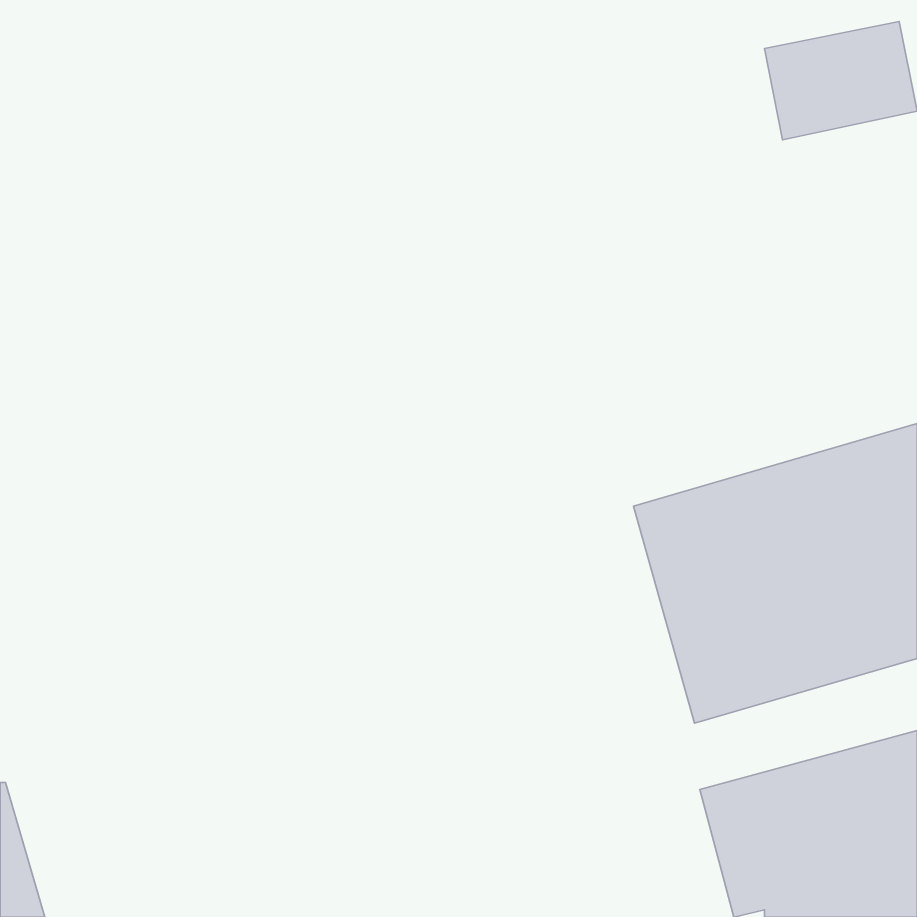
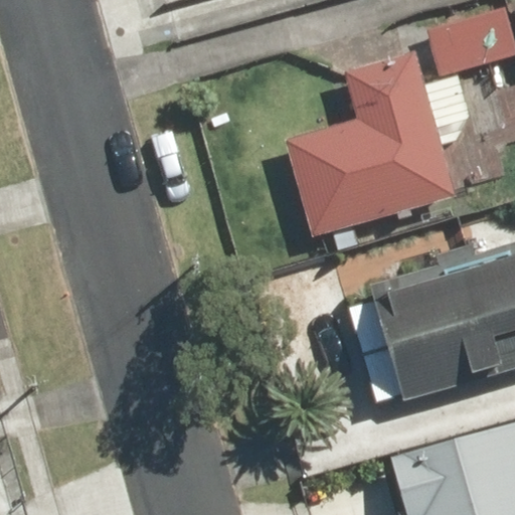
building: none -> [279,53,468,239]

